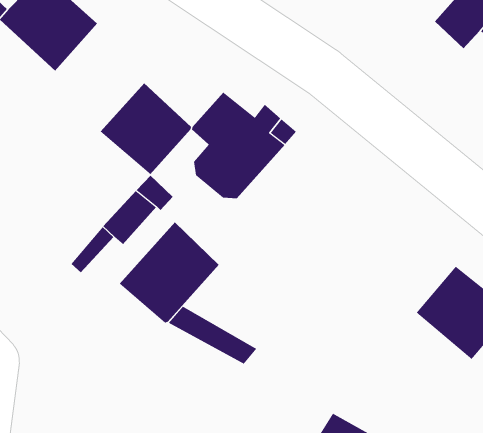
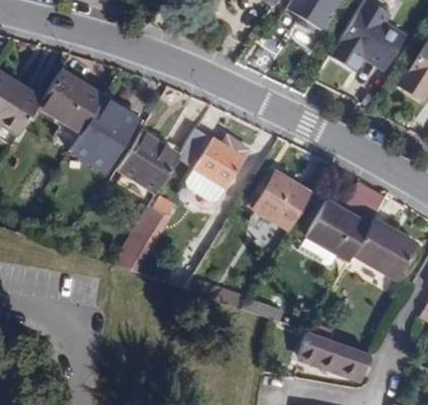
building: none -> [70,97,137,171]
building: none -> [255,172,313,230]
building: [119,221,219,324] -> none
building: none -> [306,199,370,261]

